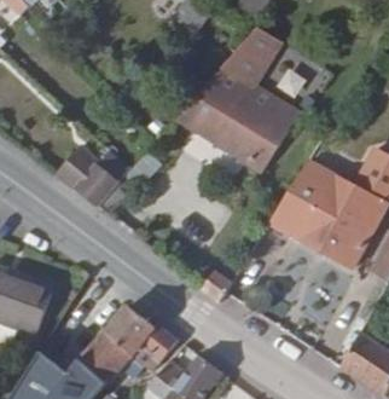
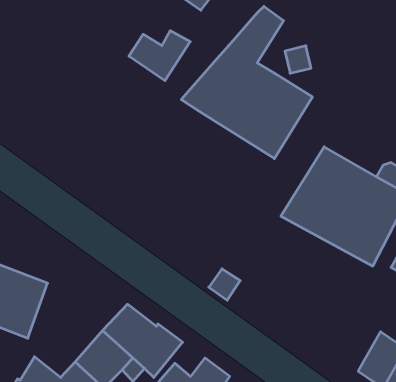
building: none -> [129,31,190,81]
building: [54,144,132,207] -> none

